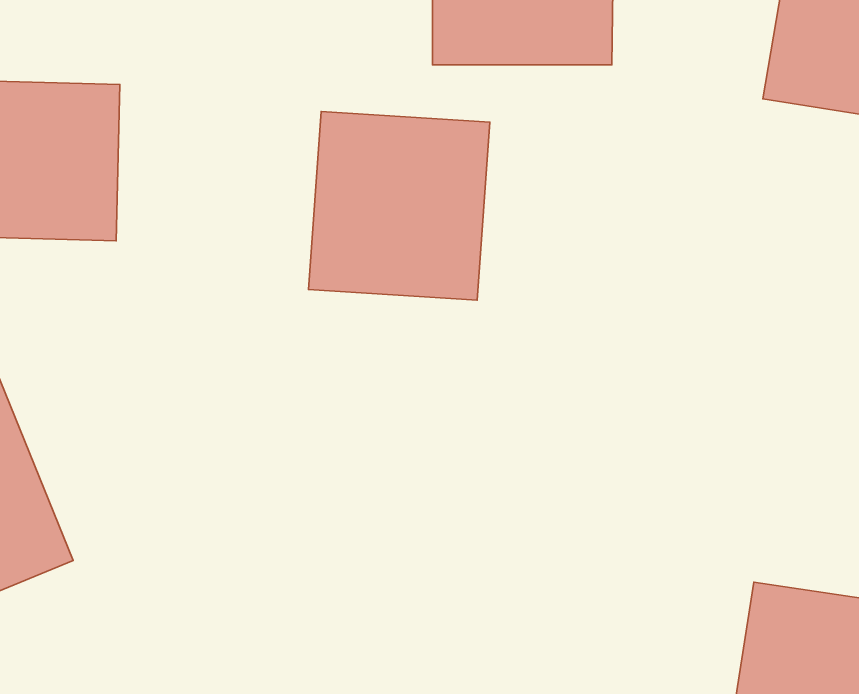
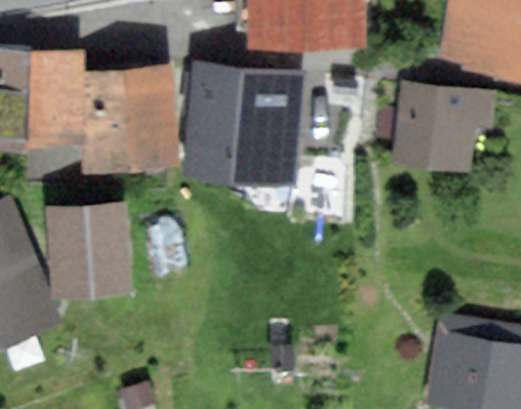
building: none -> [84,68,172,166]
building: none -> [392,89,491,175]
building: none -> [56,208,123,294]

